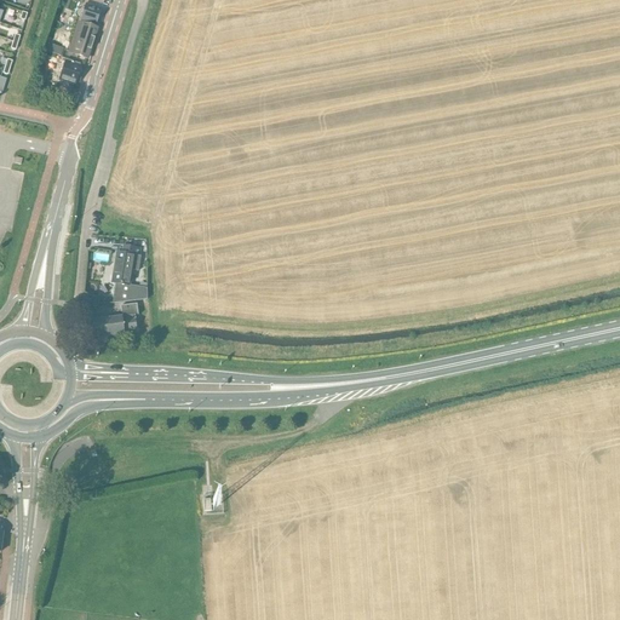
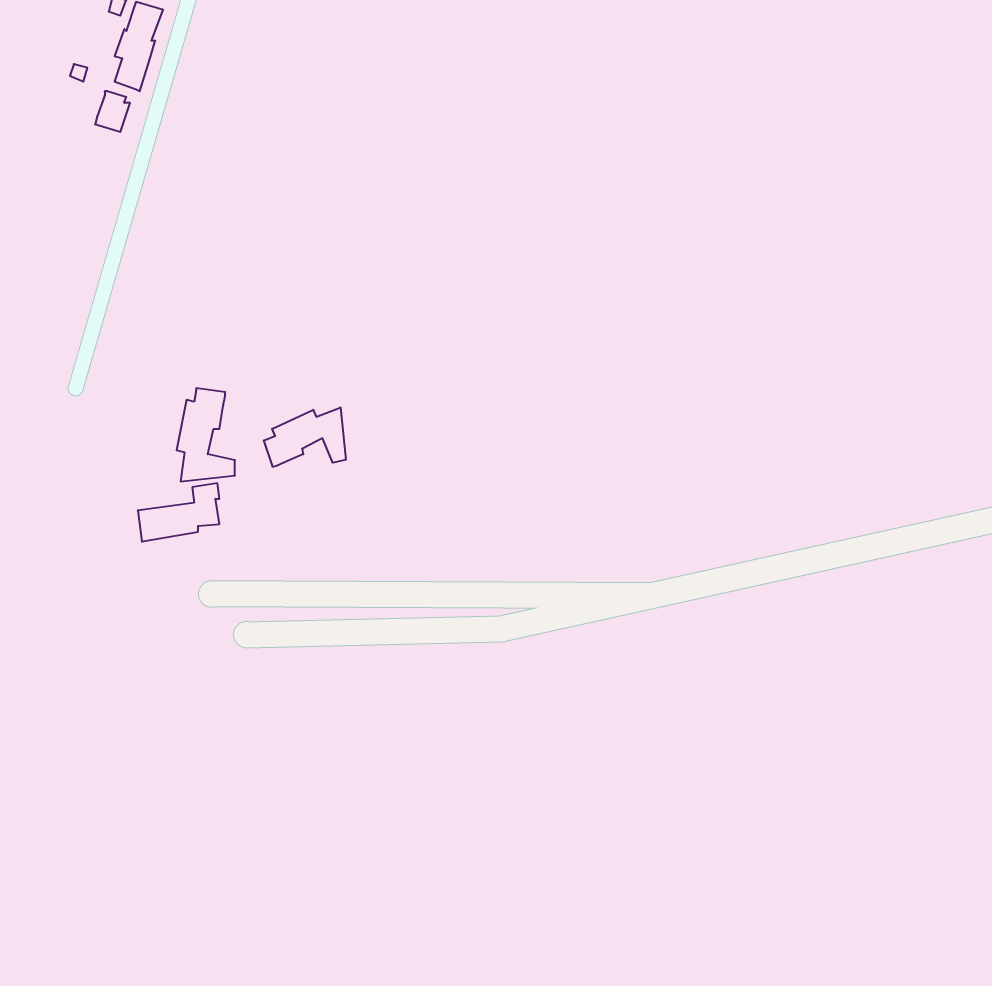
building: none -> [264,407,346,467]

